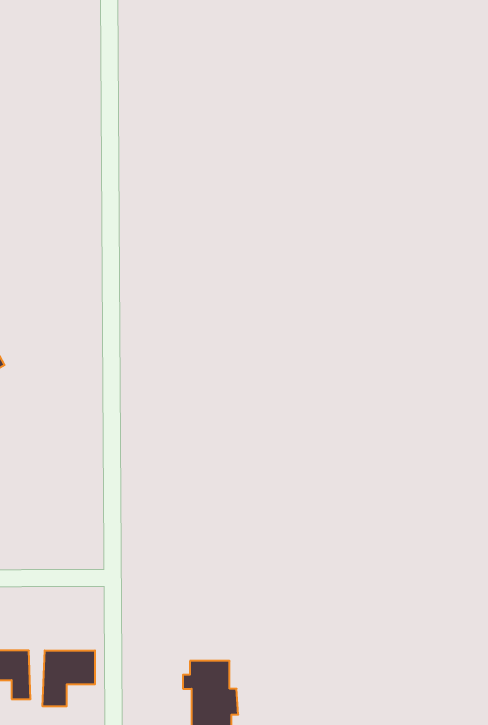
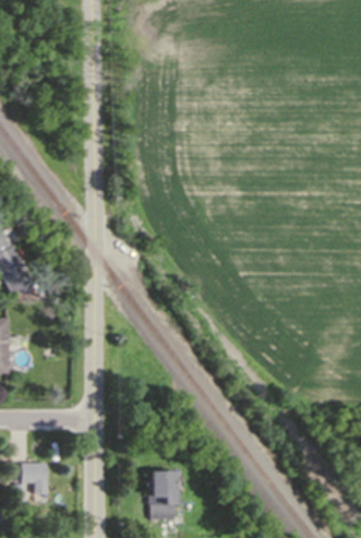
building: [43,650,95,706] -> none

